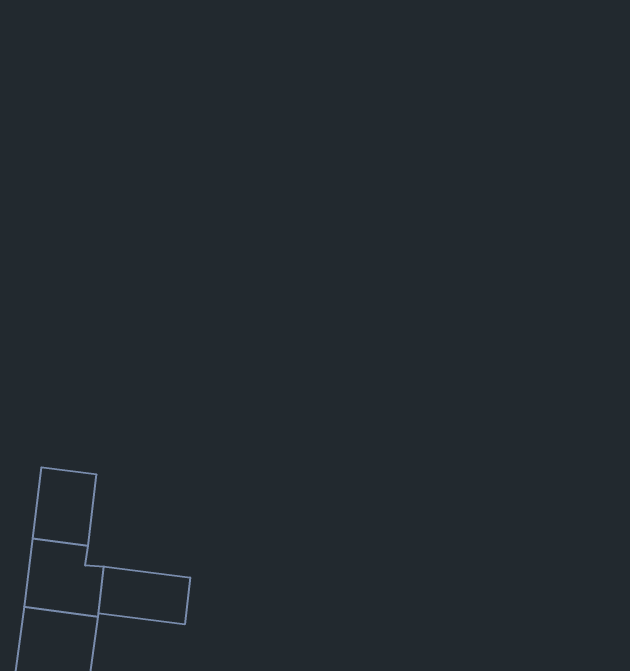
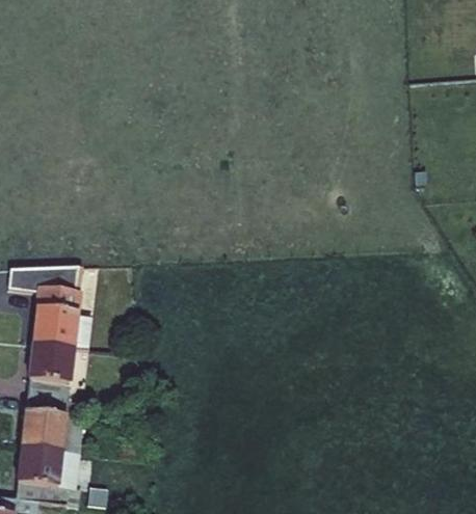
building: none -> [10,266,96,352]
building: [98,566,190,624] -> none

